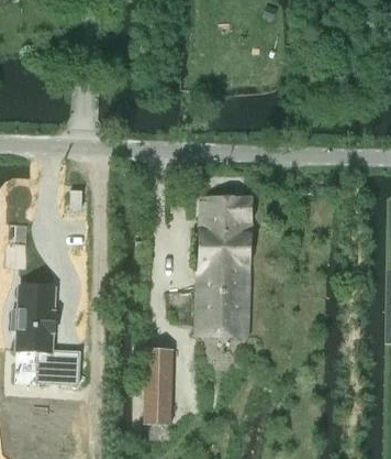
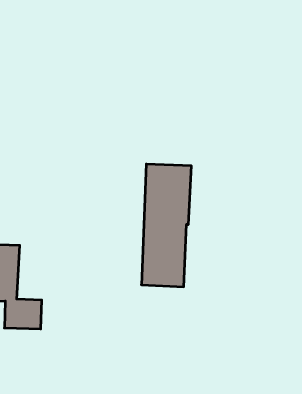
building: [143,350,172,425] -> none

